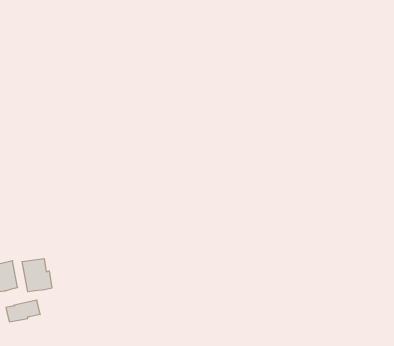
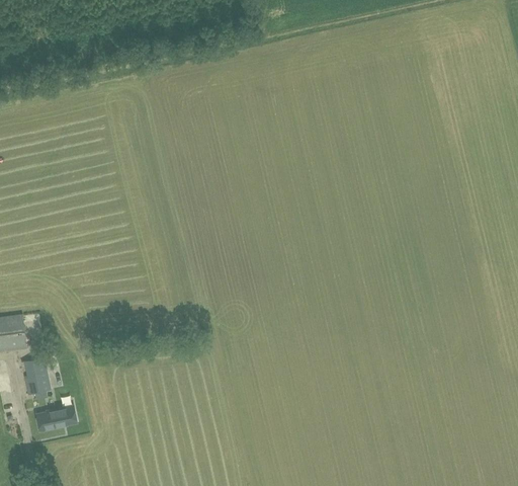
building: [22,259,52,292] -> none

